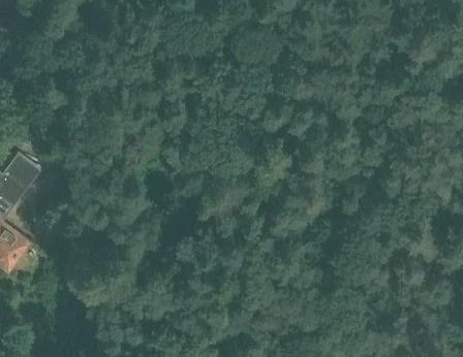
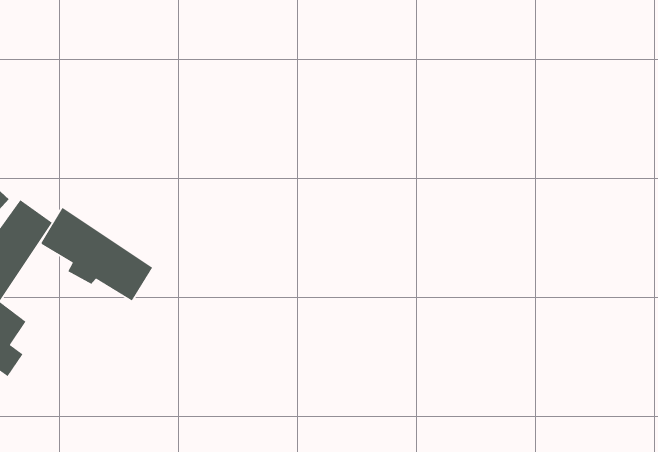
building: none -> [40,207,153,301]

